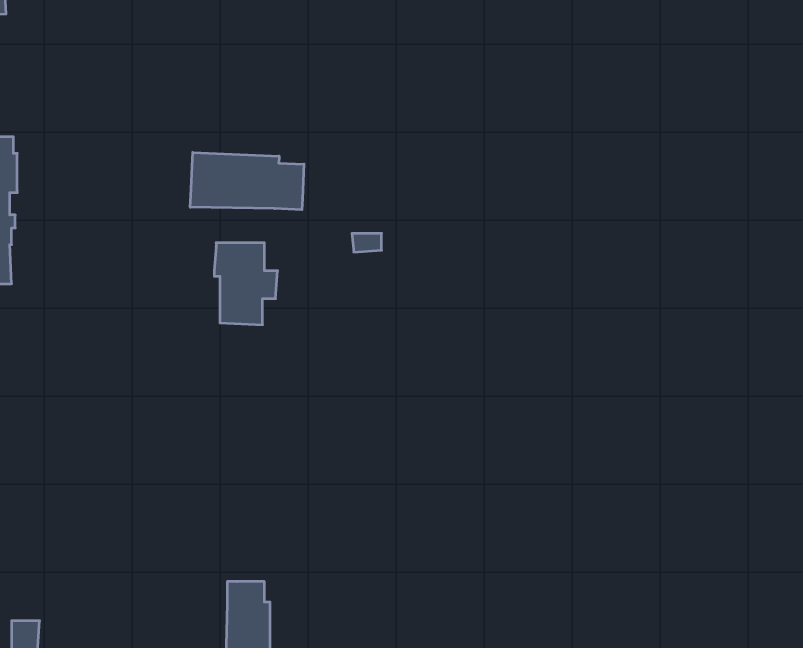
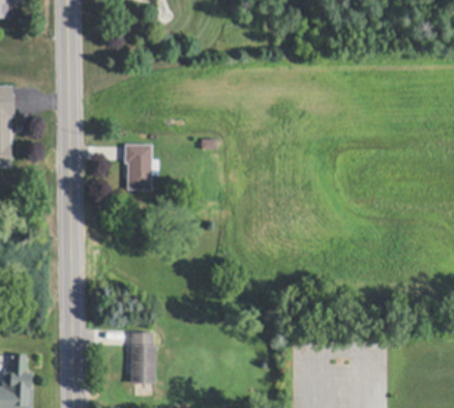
building: [190,152,304,210] -> none

